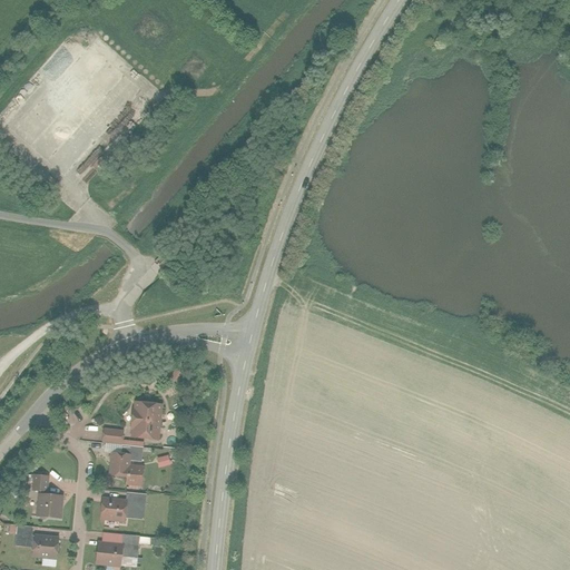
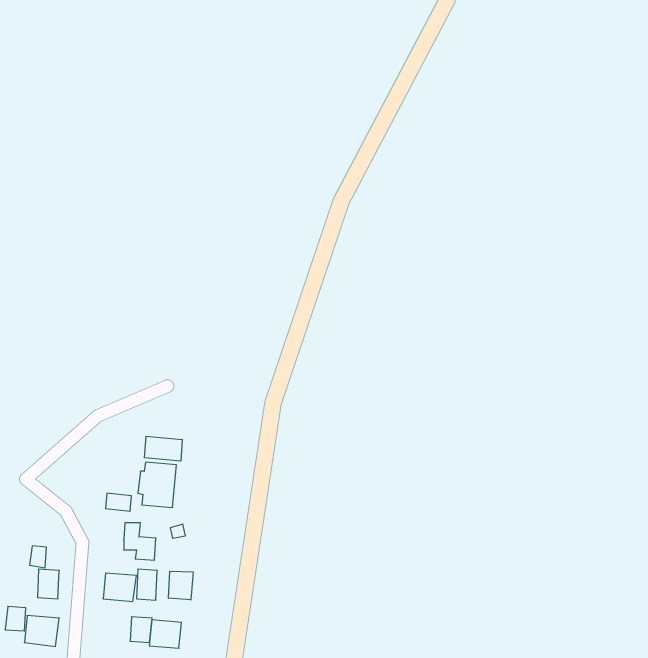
building: none -> [145,436,182,461]
building: none -> [169,571,193,600]
building: [94,540,121,564] -> [149,620,181,648]

